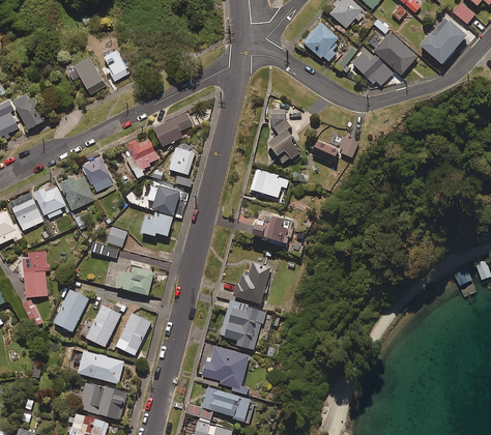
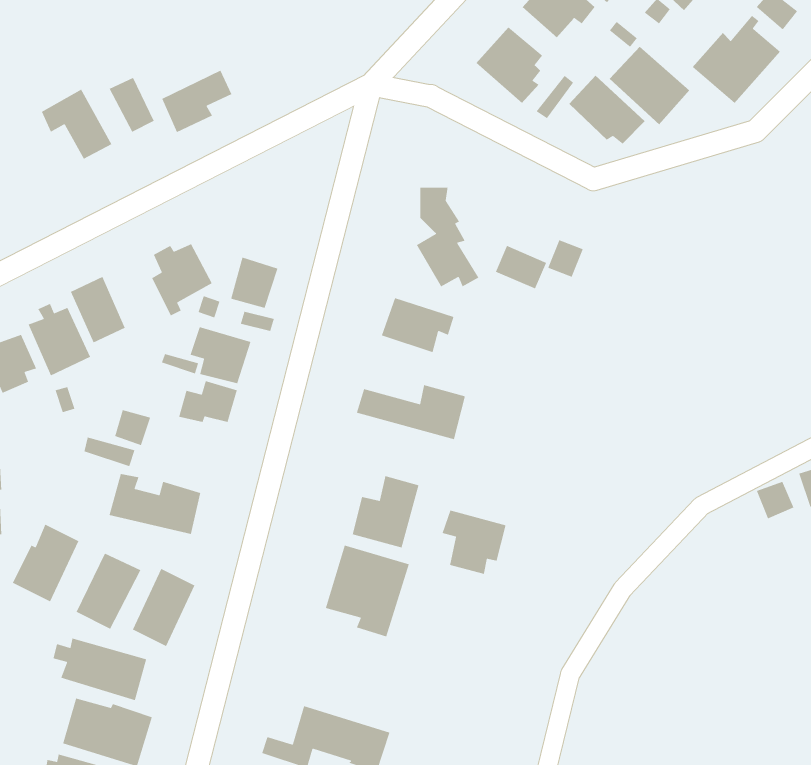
building: [154,112,193,146] -> [161,69,232,133]
building: none -> [442,509,507,575]
building: [202,346,250,394] -> none

